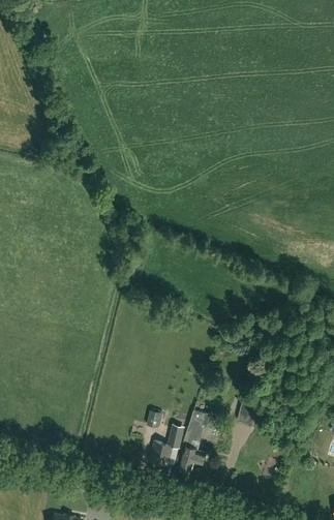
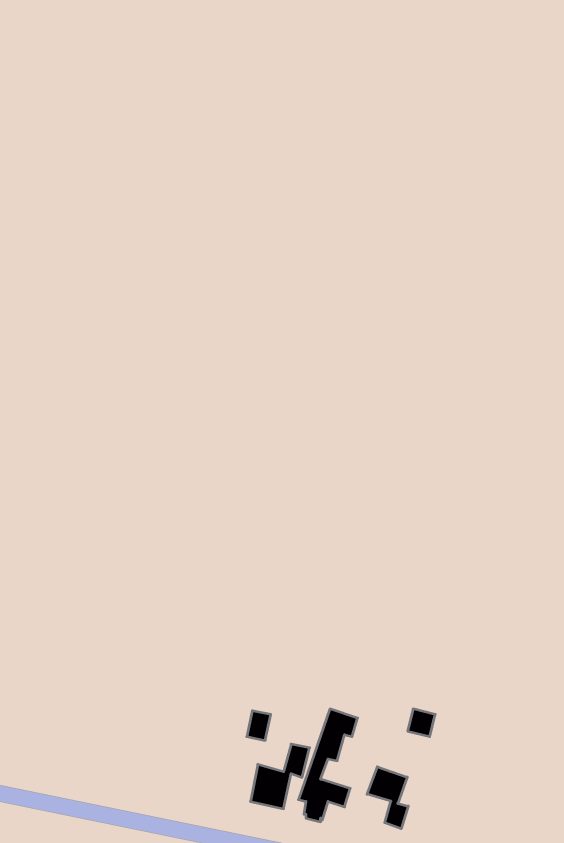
building: none -> [367,767,408,829]

